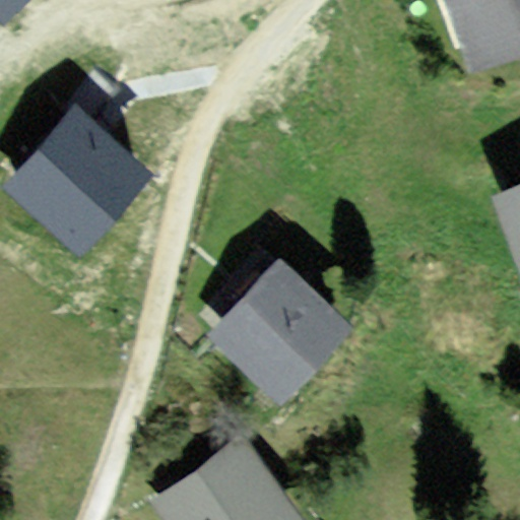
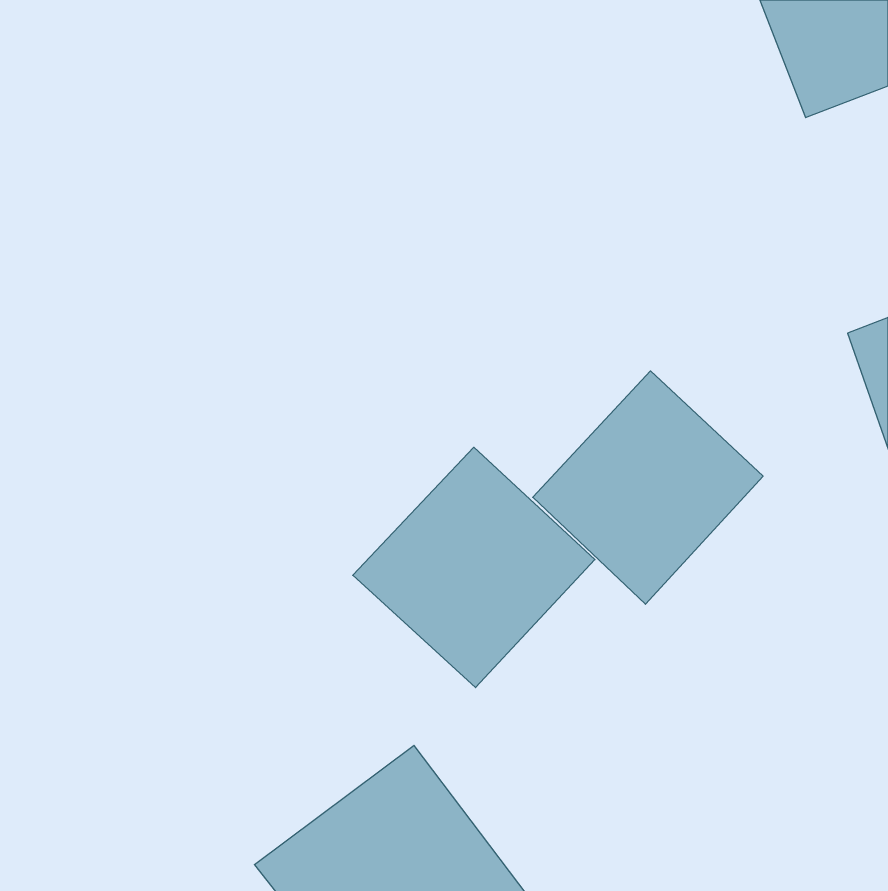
building: [4,104,165,264] -> none
building: none -> [533,371,763,604]

